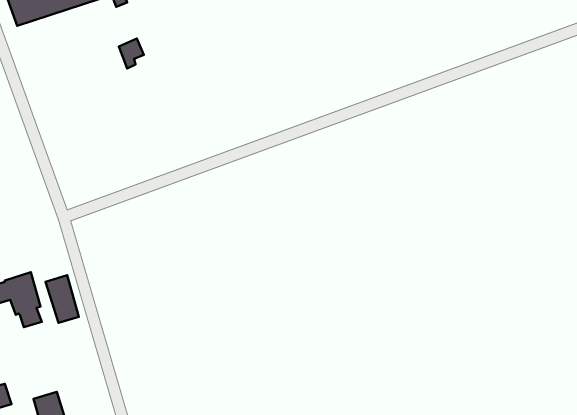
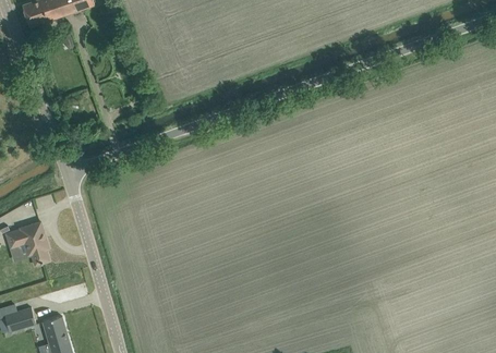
building: [46,275,79,323] -> none

